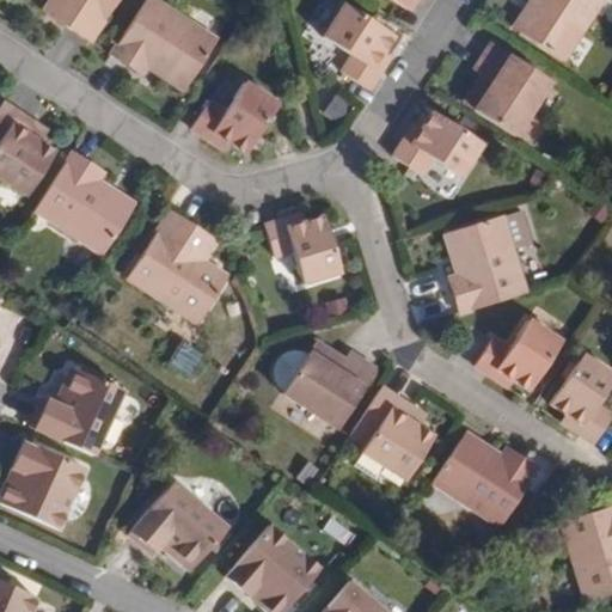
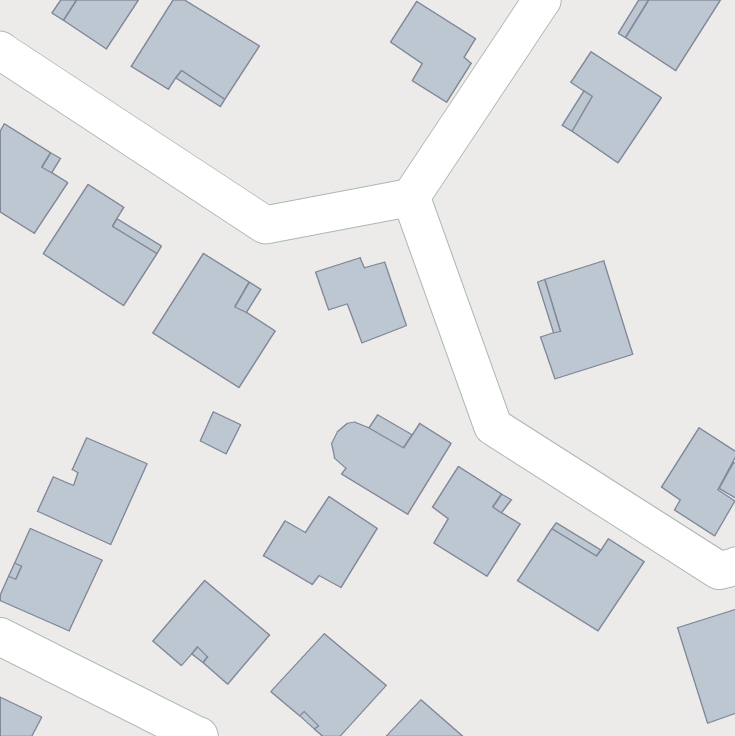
building: [192,81,276,152] -> none
building: [393,112,479,176] -> none
building: [476,322,561,391] -> none
building: none -> [263,497,377,588]

